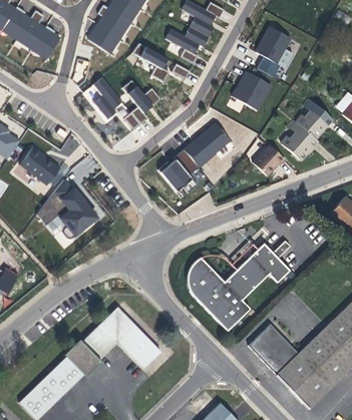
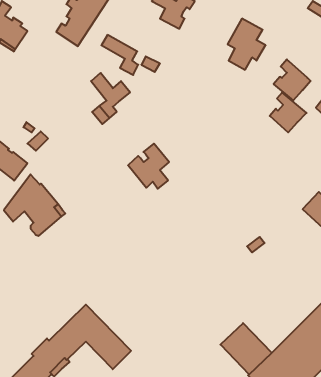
building: [165,26,209,63] -> none
building: [232,70,271,109] -> none
building: [93,76,122,118] -> none
building: [282,119,318,159] -> [274,59,311,100]
building: [184,122,231,166] -> none
building: [253,144,286,175] -> none
building: [188,243,290,331] -> none

